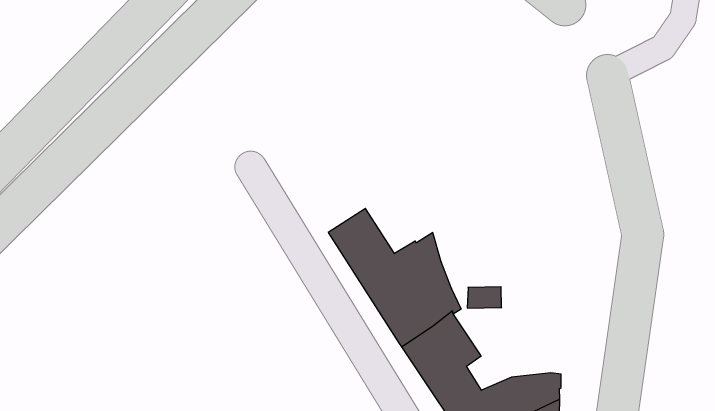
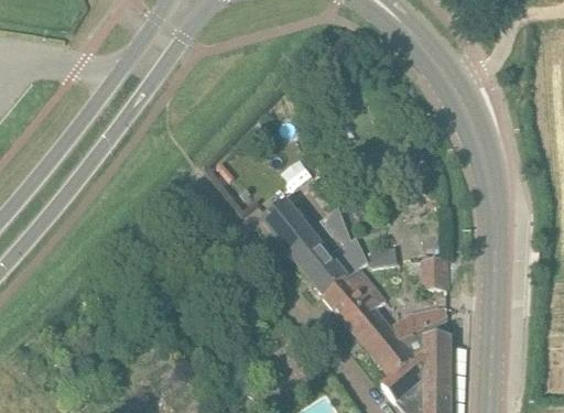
building: none -> [421,257,447,290]

